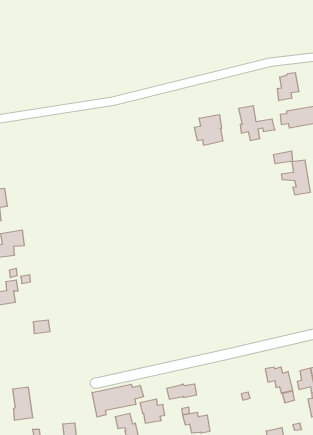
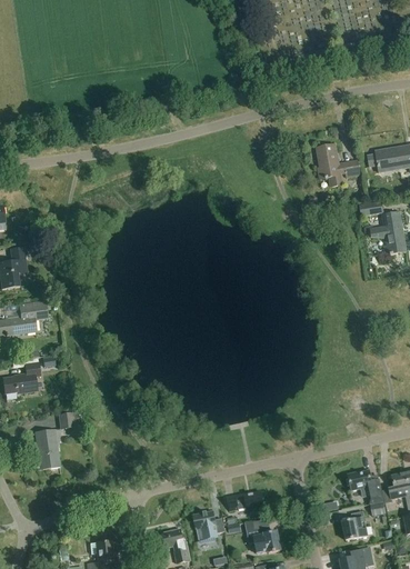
building: [278,73,299,101] -> none
building: [195,115,223,145] -> none
building: [92,384,143,417] -> none
building: [13,387,33,420] -> [34,429,60,470]
building: none -> [341,509,367,538]

